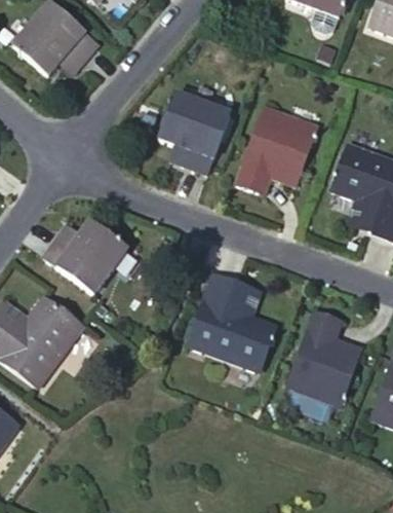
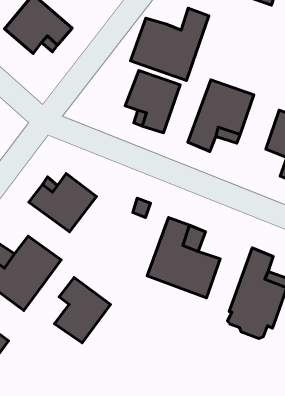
building: none -> [130,8,209,80]
building: none -> [54,278,111,343]

